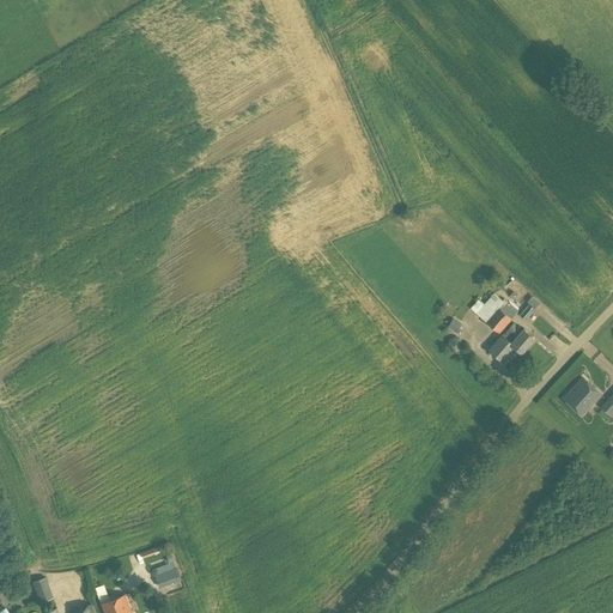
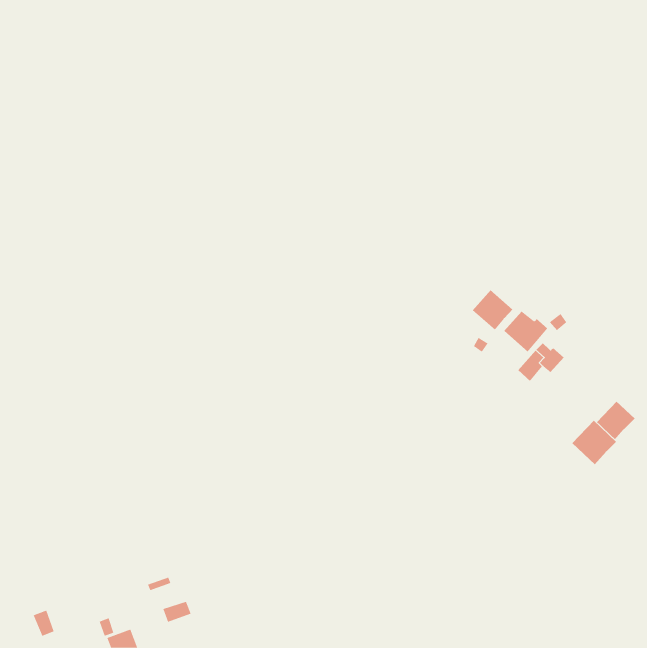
building: none -> [472,289,513,331]
building: none -> [572,420,617,465]

